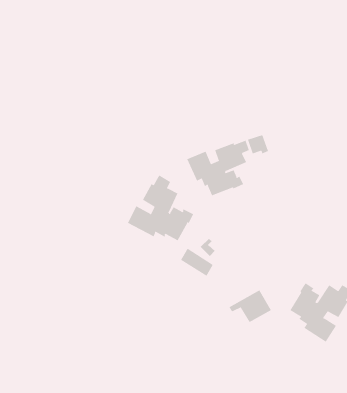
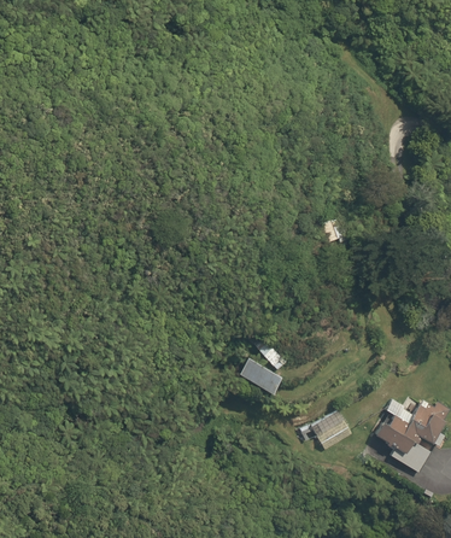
building: [186,140,250,196] -> none
building: [127,174,194,241] -> none

